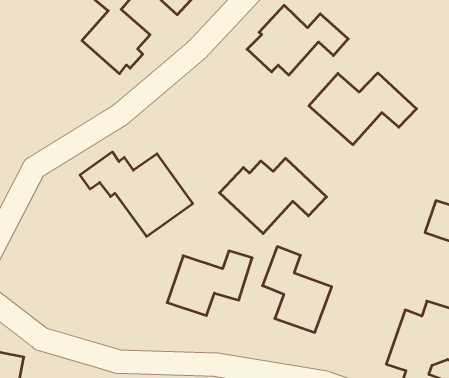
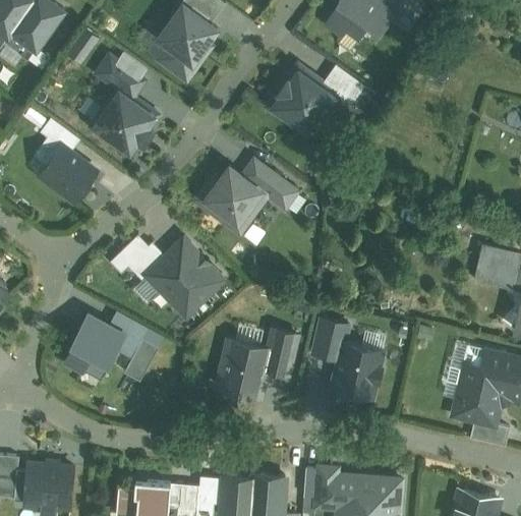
building: none -> [34,121,99,208]
building: [309,73,417,145] -> none
building: [219,158,327,234] -> [190,156,302,237]
building: none -> [60,308,160,387]

